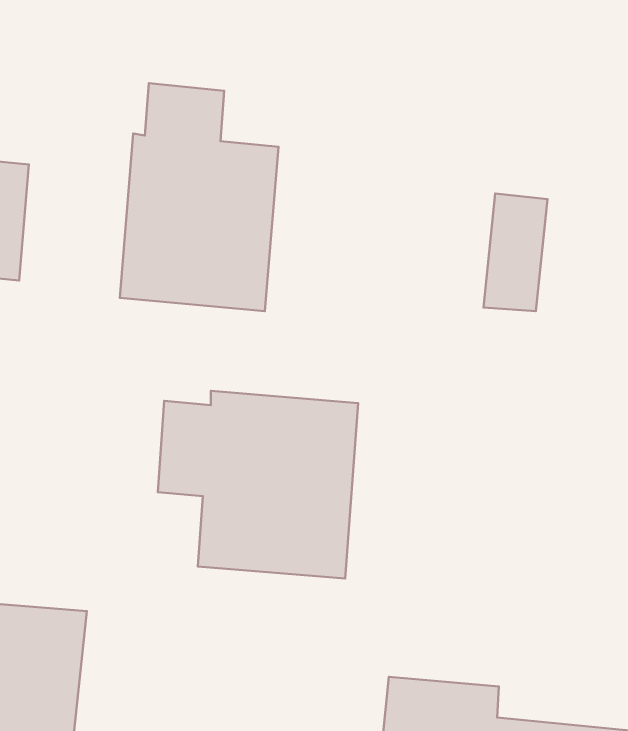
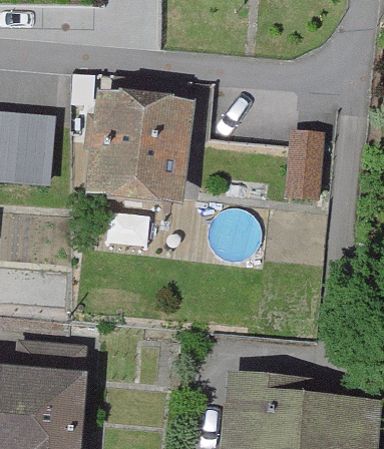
building: [158,391,358,579] -> none

